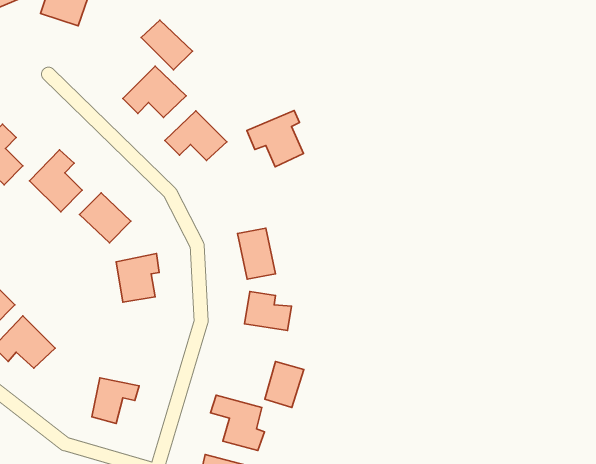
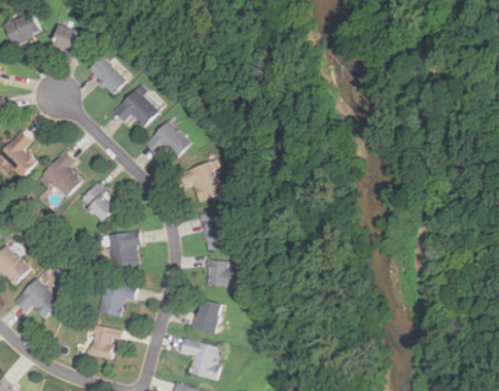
building: [141,20,192,70] -> [87,56,127,94]
building: [247,110,304,167] -> [178,158,221,202]
building: none -> [98,278,136,316]
building: [265,362,304,407] -> [191,298,221,333]

